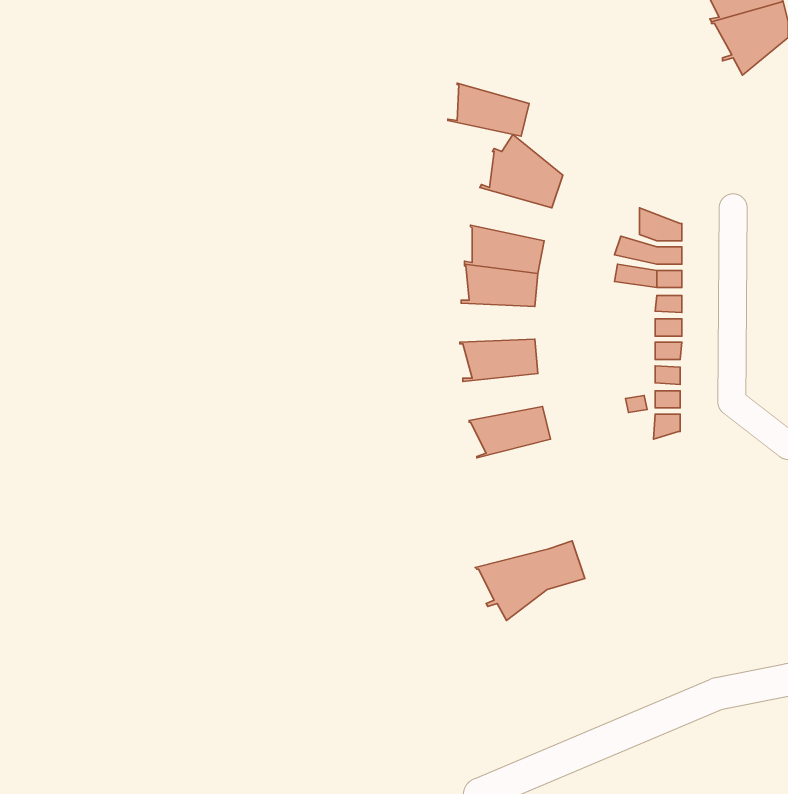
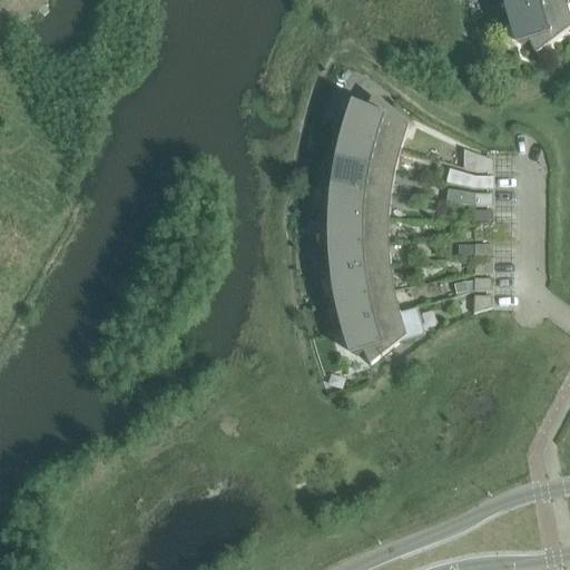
building: [448,83,529,136] -> [335,134,393,171]
building: none -> [327,216,381,244]
building: none -> [330,266,386,299]
building: [475,541,585,621] -> [340,307,417,364]

